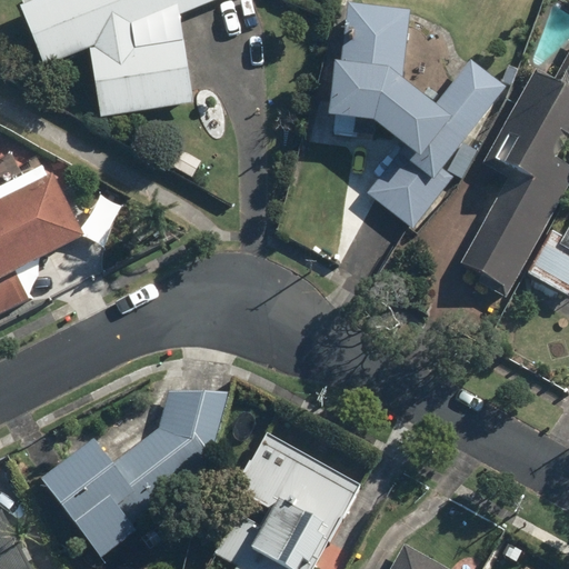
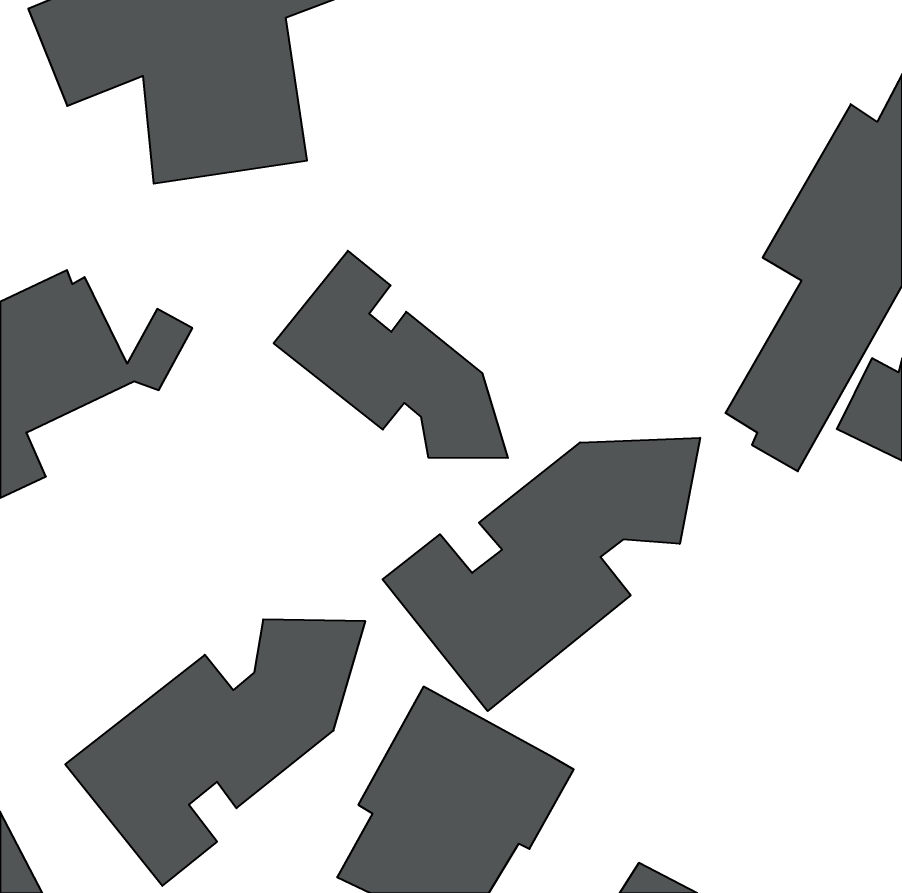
building: [329,4,507,230] -> none
building: none -> [274,251,508,458]
building: none -> [383,438,700,711]

